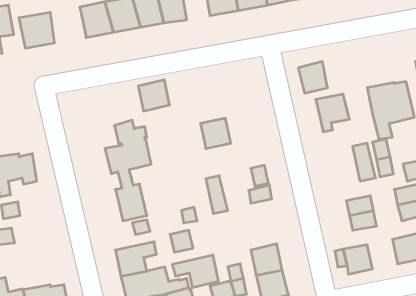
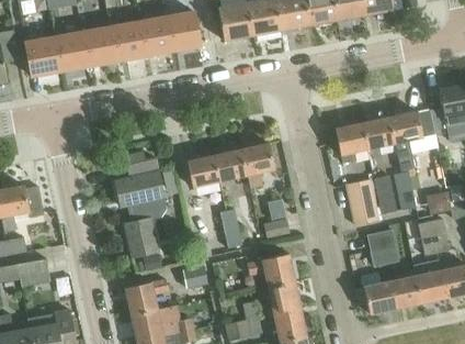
building: none -> [57,32,94,69]
building: [298,62,328,93] -> [363,116,394,149]
building: [138,80,170,111] -> [186,154,219,187]
building: none -> [240,142,274,189]
building: none -> [345,181,378,225]
building: none -> [16,258,49,286]
building: none -> [388,275,420,307]
building: [172,255,218,288] -> [246,253,294,287]

